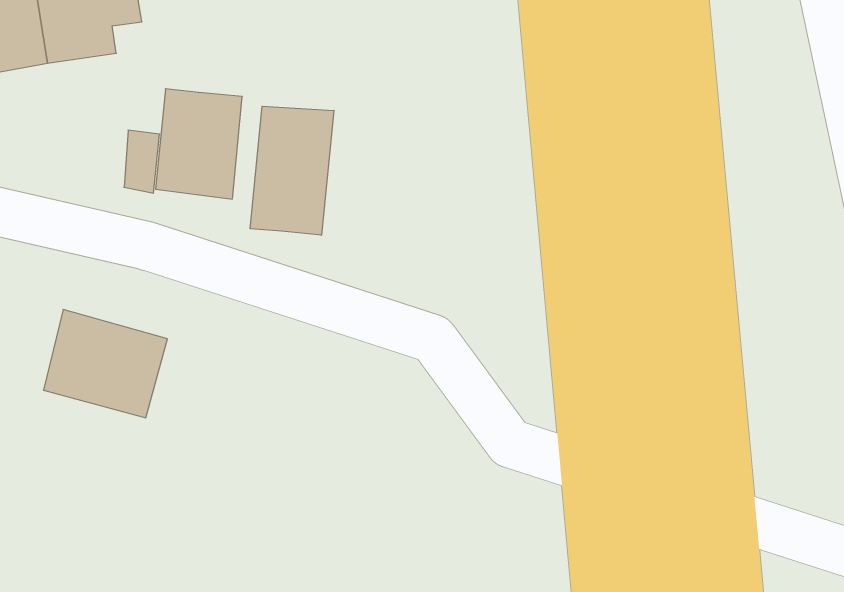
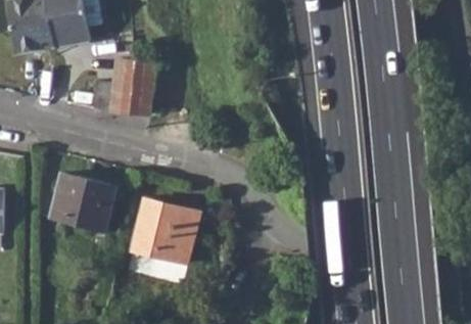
building: [250,106,334,235] -> none
building: none -> [132,198,198,261]

